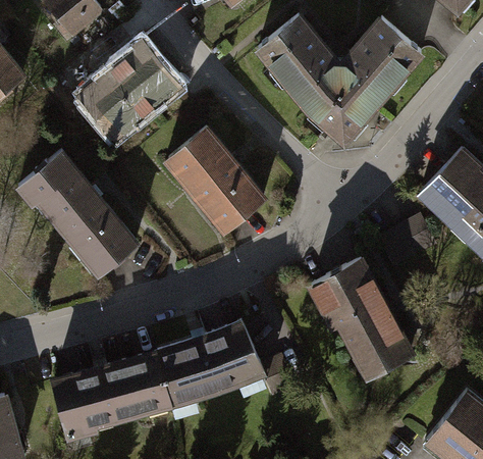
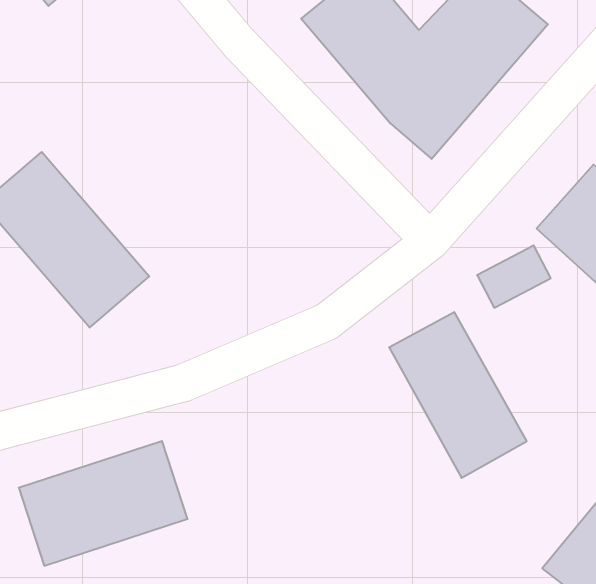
building: [78,42,182,145] -> none
building: [164,131,264,235] -> none
building: [151,322,264,408] -> none

